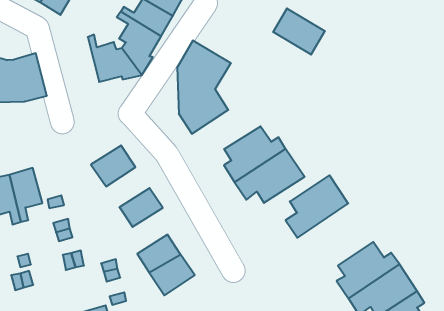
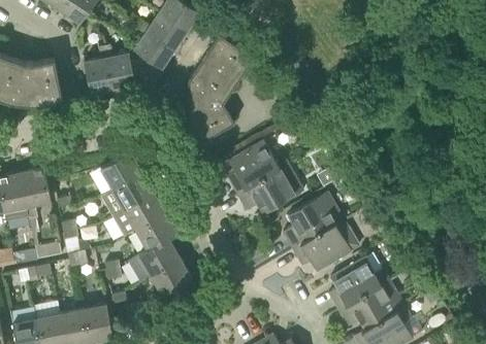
building: [273,8,325,55] -> [203,34,253,79]
building: none -> [83,46,111,95]
building: none -> [112,173,154,210]
building: none -> [292,219,350,272]
building: none -> [135,213,177,255]

